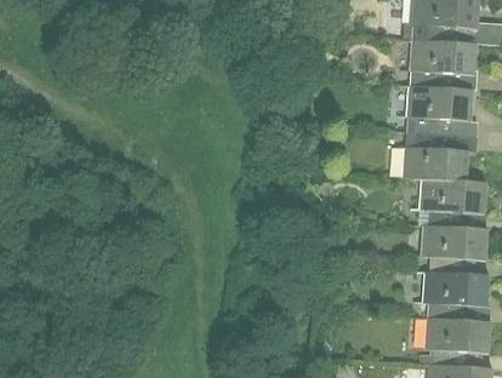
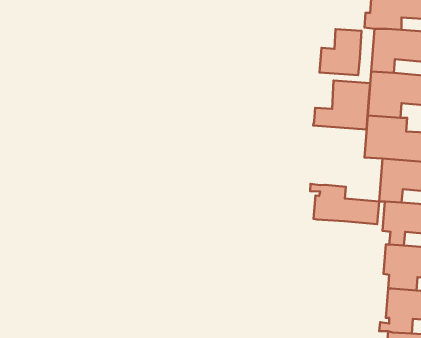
building: none -> [319,29,361,75]
building: none -> [313,80,370,129]
building: none -> [310,184,379,224]

